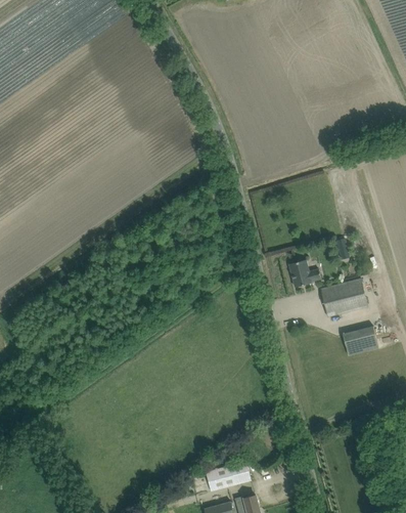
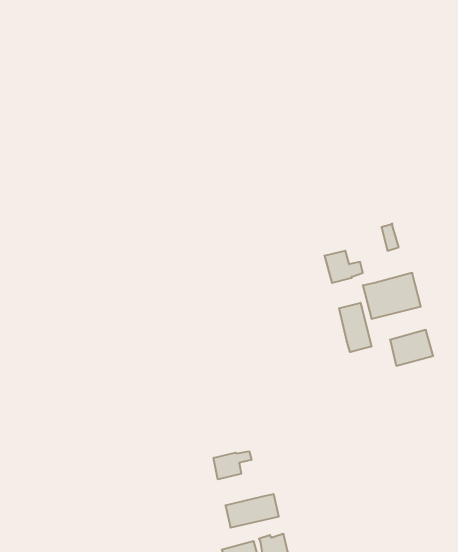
building: none -> [339,303,371,352]
building: none -> [214,451,251,479]

